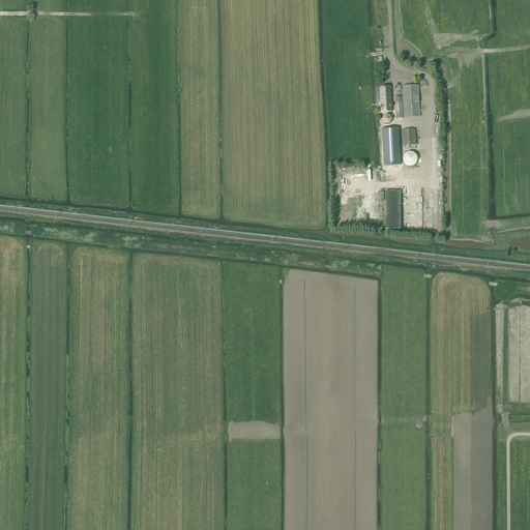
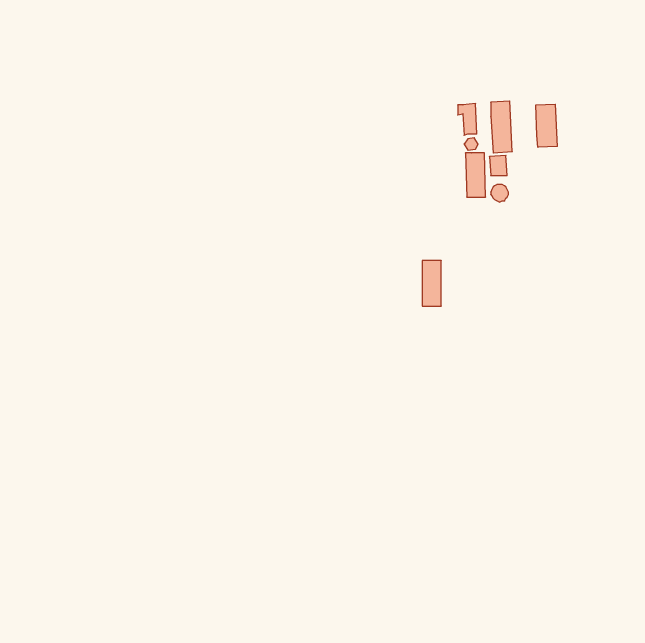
building: none -> [536,104,557,147]
building: [384,189,400,227] -> [422,261,441,306]

